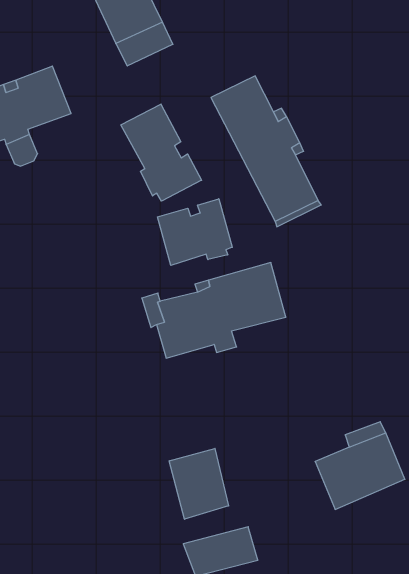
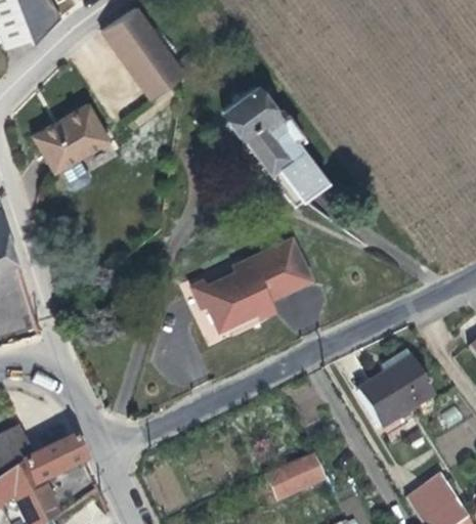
building: [121,104,202,201] -> none
building: [157,199,232,265] -> none
building: [169,448,229,519] -> none

